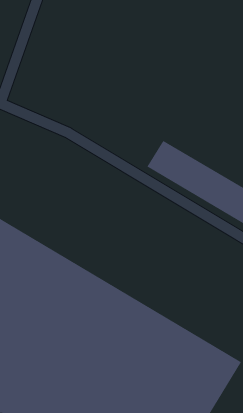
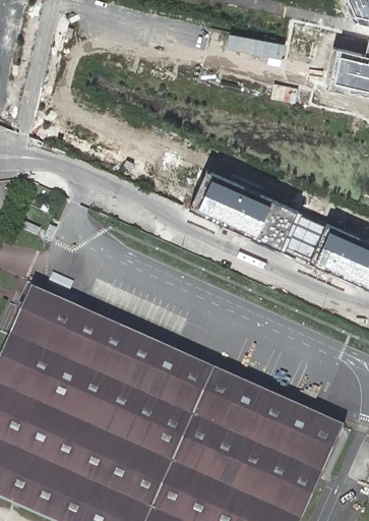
building: none -> [231,34,289,66]

